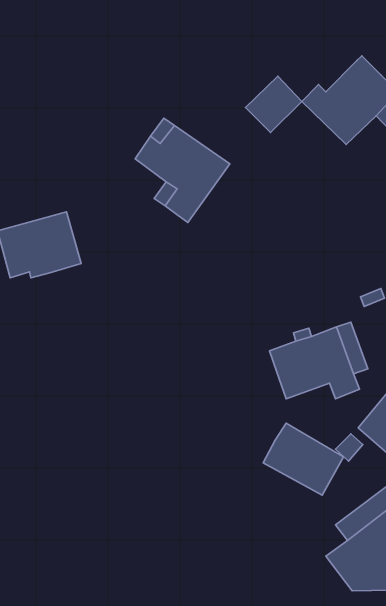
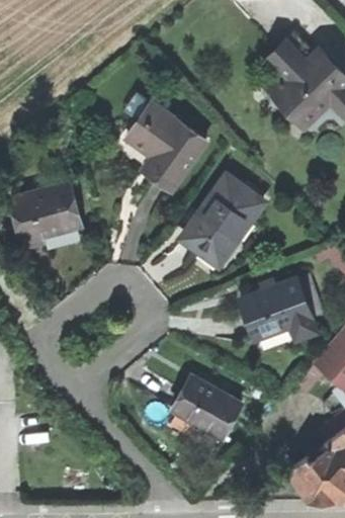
building: [245,76,302,133] -> [266,34,314,82]
building: none -> [181,178,261,266]
building: [263,423,344,495] -> [172,378,240,439]

